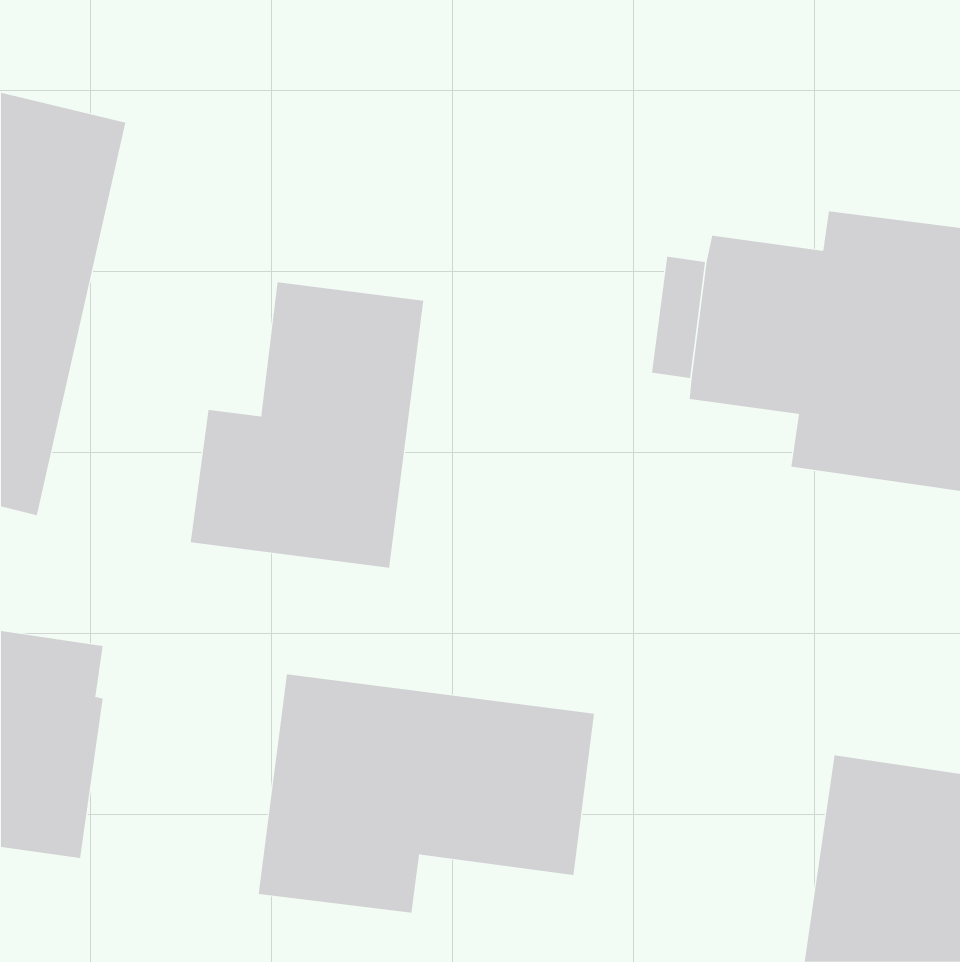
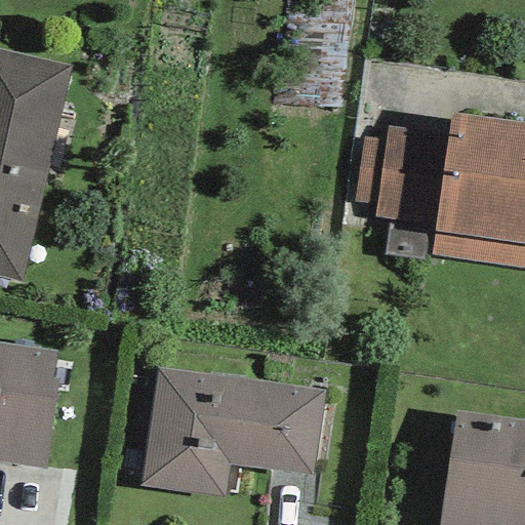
building: [190,281,424,568] -> none

